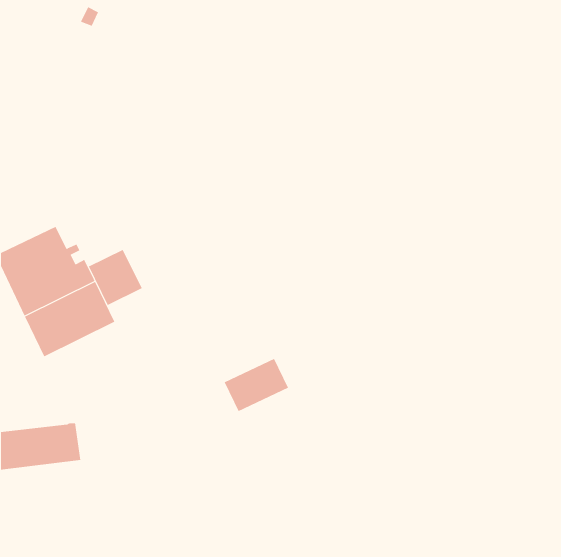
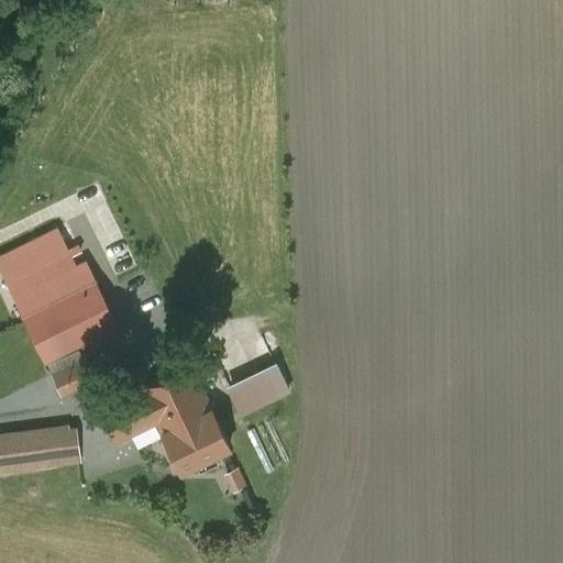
building: [88,249,142,306] -> none
building: none -> [98,367,229,473]

